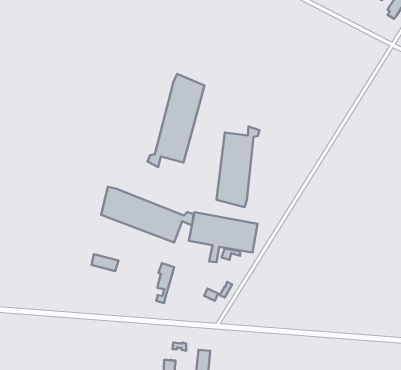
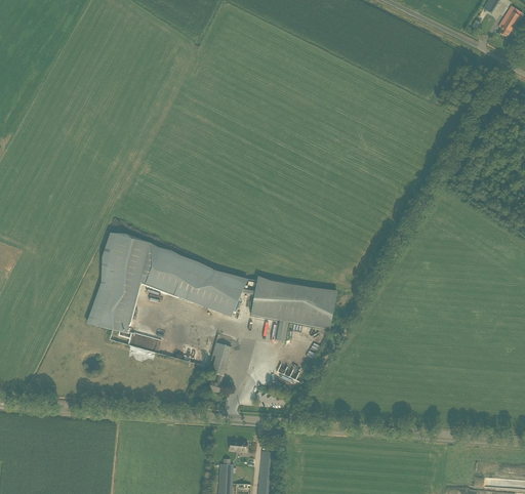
building: [148,74,204,167] -> none
building: [217,126,259,207] -> none
building: none -> [91,233,149,331]

